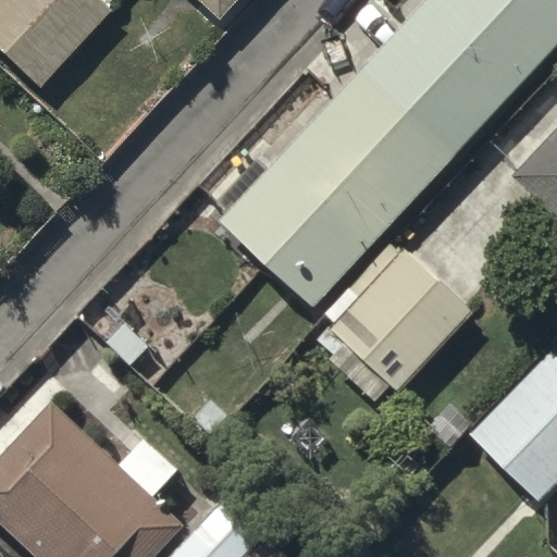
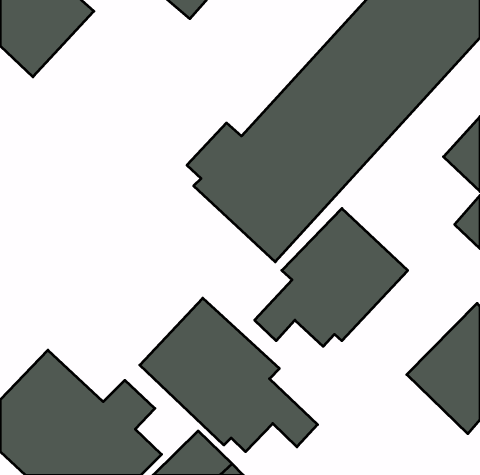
building: none -> [140,298,318,452]

